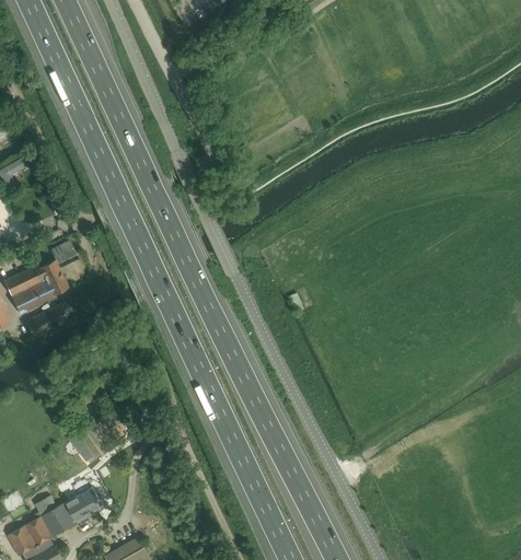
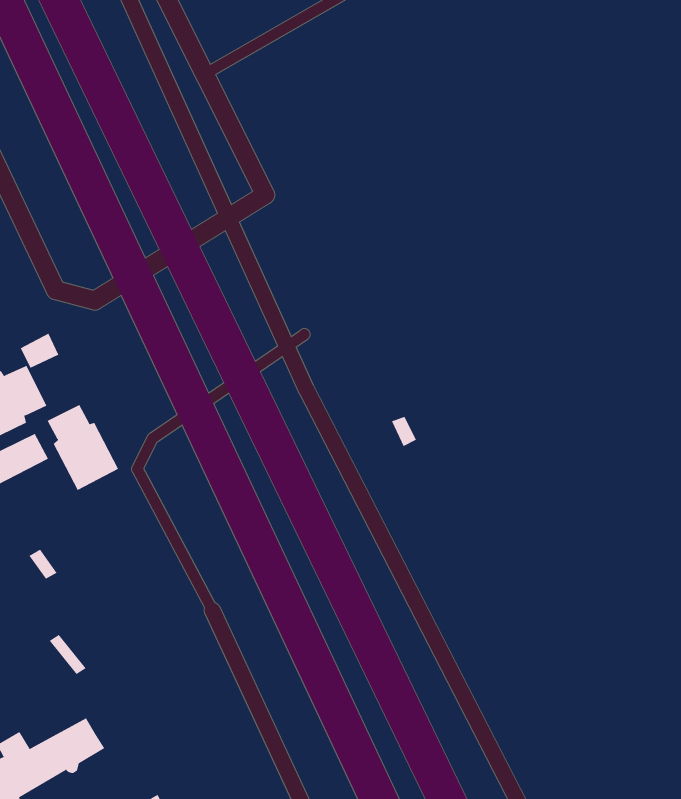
building: none -> [47,404,119,491]

